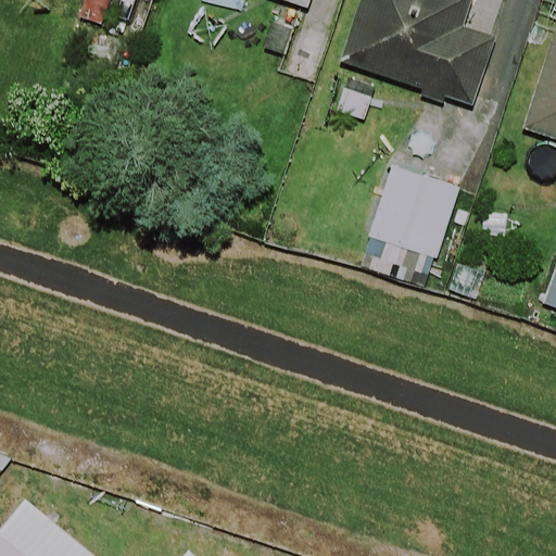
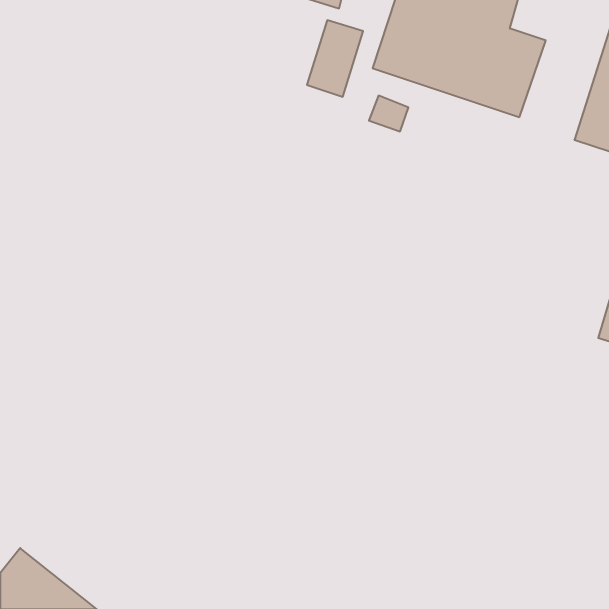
building: [369,166,459,257] -> none

